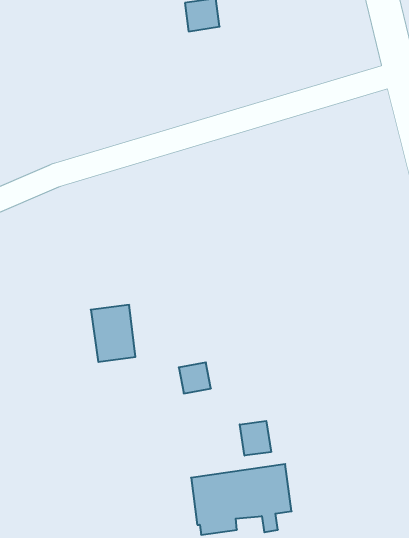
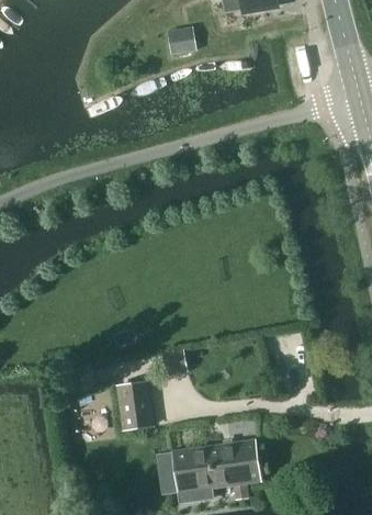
building: [91,305,135,362] -> [114,381,154,432]
building: [240,421,271,456] -> none

